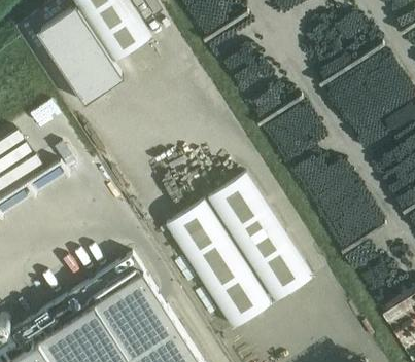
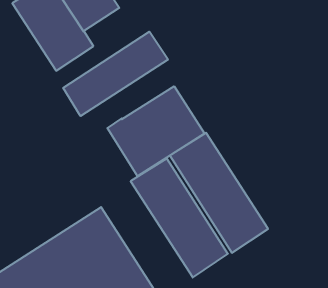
building: none -> [63,32,168,116]
building: none -> [107,86,205,176]

